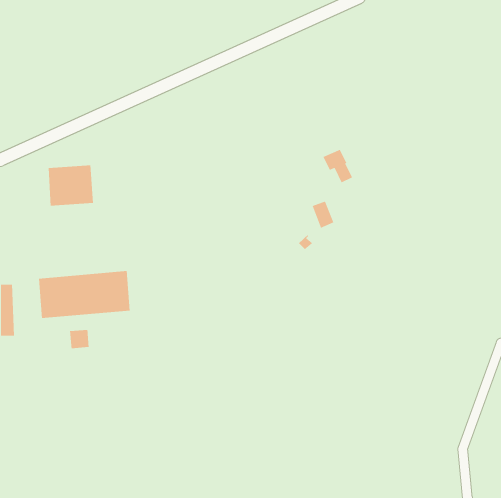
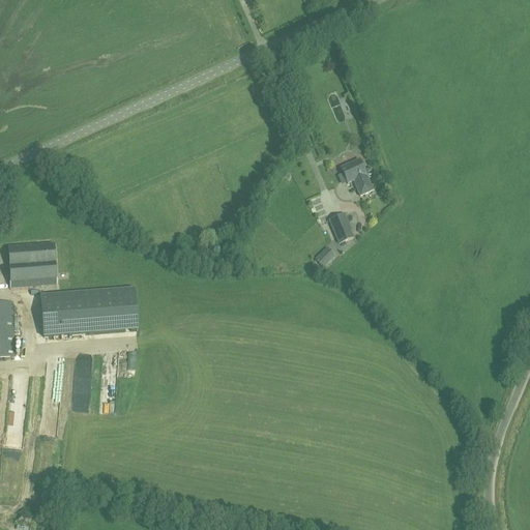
building: [48,165,94,206] -> [8,242,57,286]
building: [69,329,89,349] -> none

